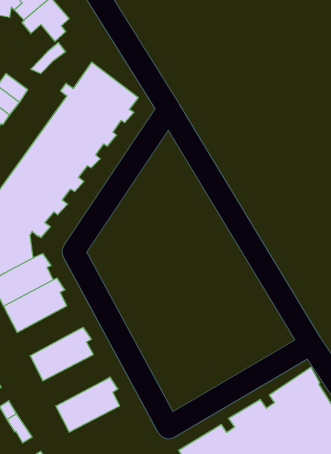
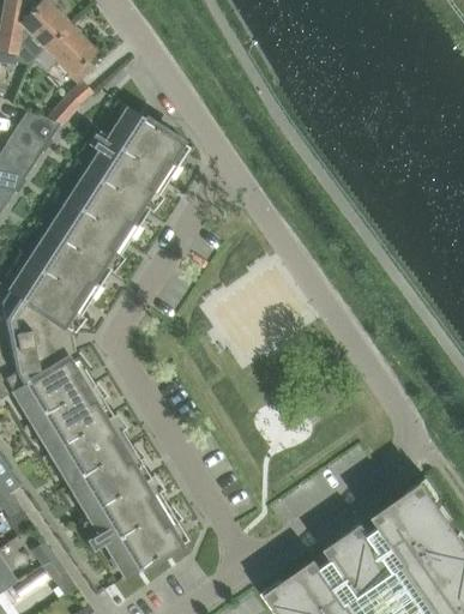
building: none -> [16,112,60,146]
building: none -> [48,415,127,484]
building: none -> [80,476,164,554]

